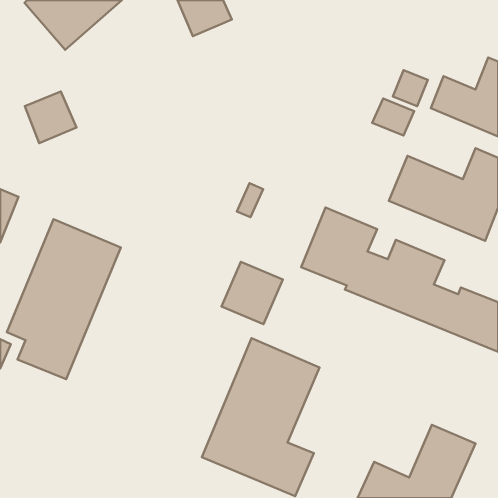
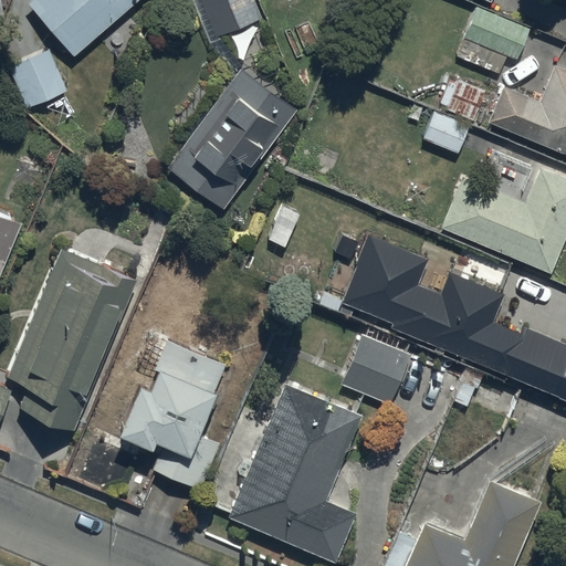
building: none -> [457,7,530,74]
building: none -> [167,69,297,210]
building: [25,91,76,143] -> [9,50,67,108]
building: [221,262,283,324] -> [342,334,411,405]
building: none -> [119,340,226,490]

